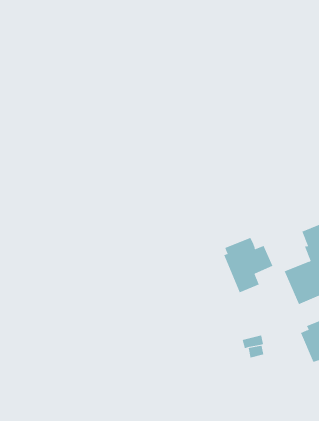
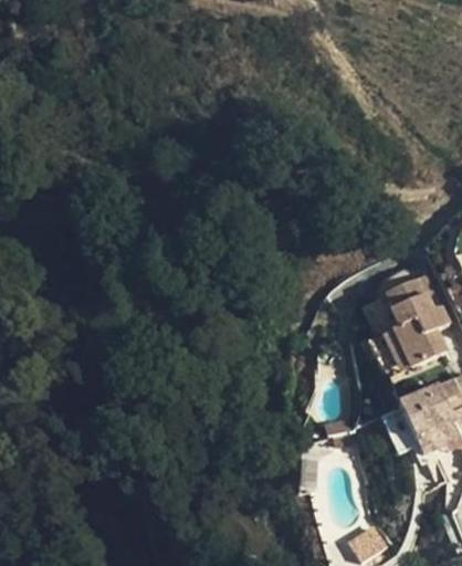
building: [224,237,273,293] -> none

